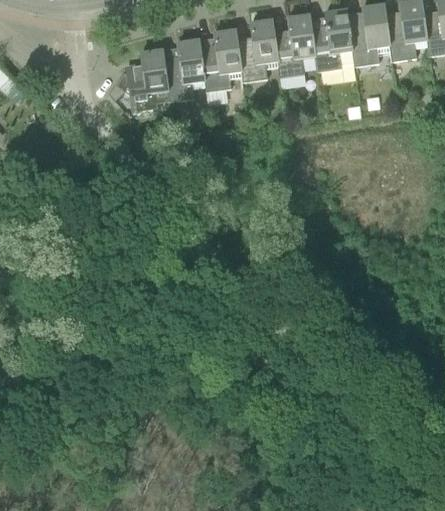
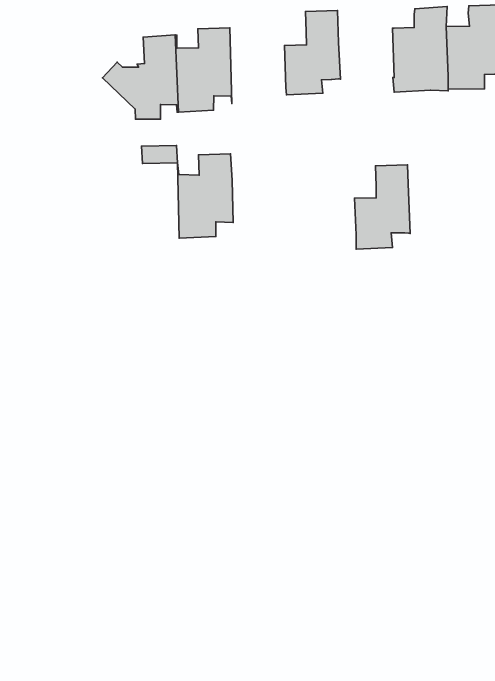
building: [275,14,316,76] -> [354,165,410,249]
building: [199,29,242,91] -> [177,154,233,238]

